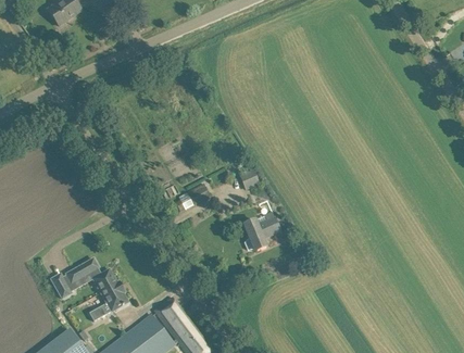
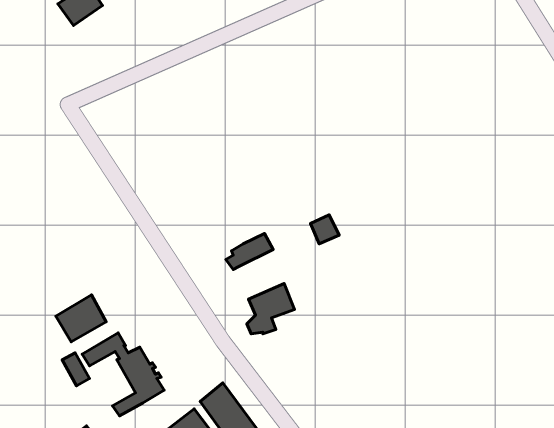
building: [243,212,279,250] -> [247,284,294,334]
building: none -> [56,295,106,342]

